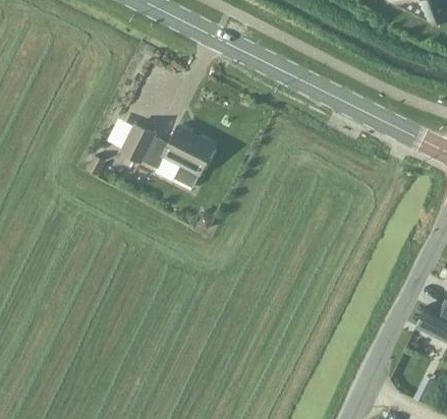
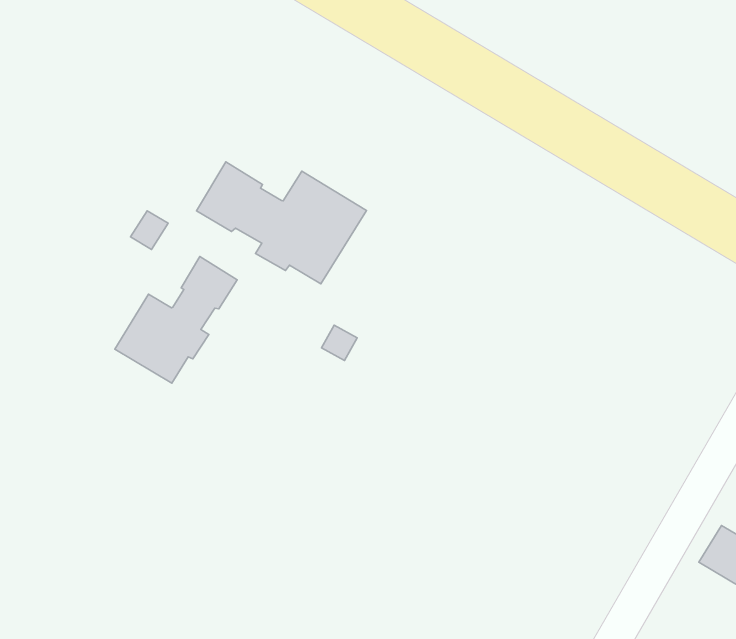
building: none -> [115,256,237,383]

